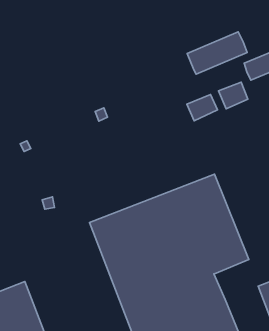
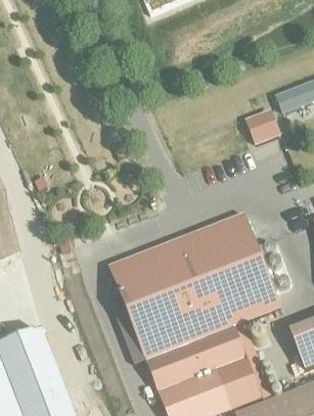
building: [187,32,247,74] -> none
building: [187,94,218,121] -> none

